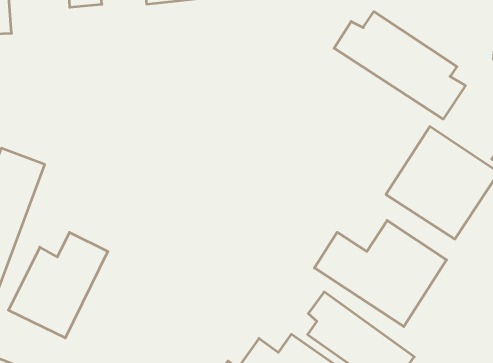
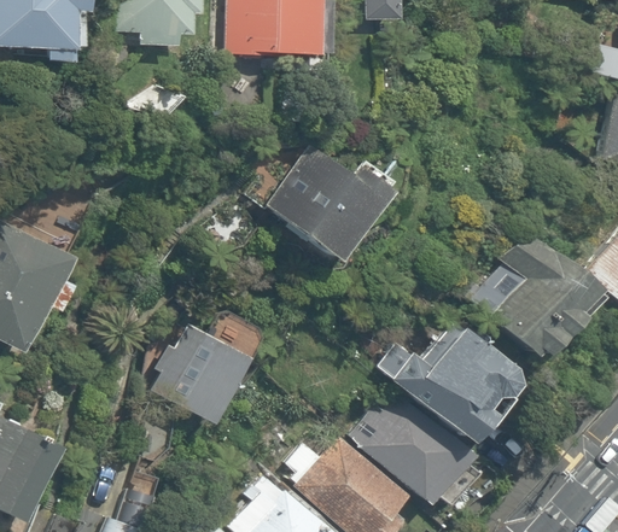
building: [334,12,465,119] -> none
building: none -> [261,136,402,264]
building: [8,232,108,338] -> [145,305,263,421]

